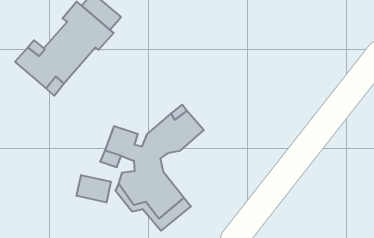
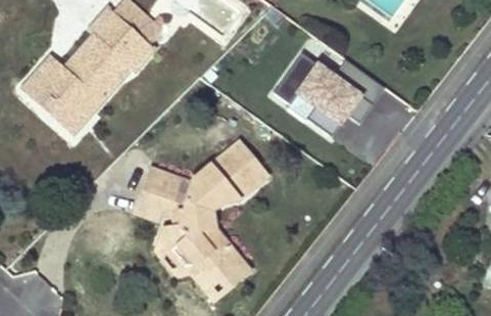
building: none -> [295,61,363,125]
building: [77,175,111,203] -> none

